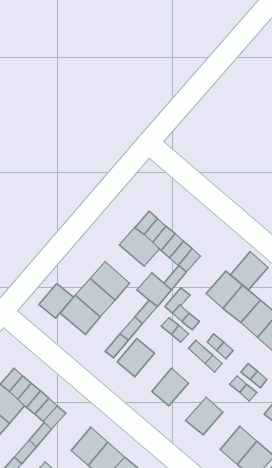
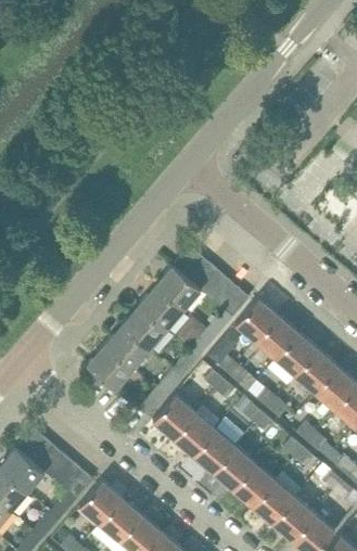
building: none -> [139,287,184,332]
building: [231,252,268,290] -> [235,299,279,344]
building: [39,284,73,318] -> none
building: none -> [174,413,216,458]
building: none -> [213,448,256,491]
building: none -> [79,482,123,526]
building: none -> [253,482,295,525]

